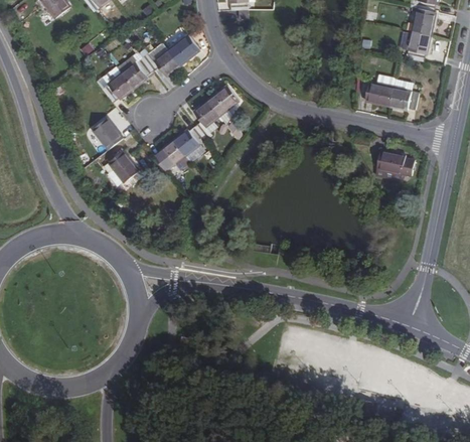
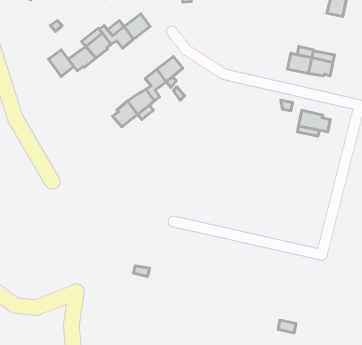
building: [406,33,430,61] -> none
building: [93,117,123,149] -> [49,50,74,77]
building: [110,151,139,180] -> none

